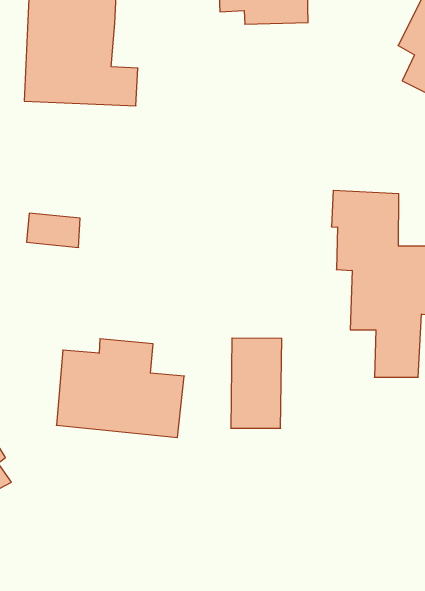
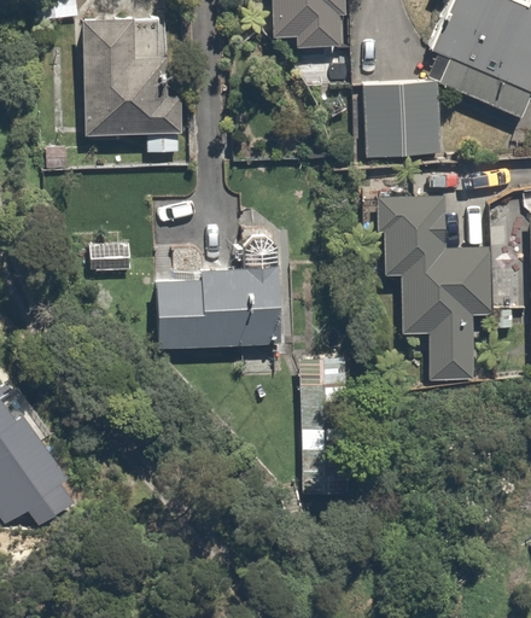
building: none -> [362,82,444,159]
building: [56,339,184,438] -> [139,249,263,343]

